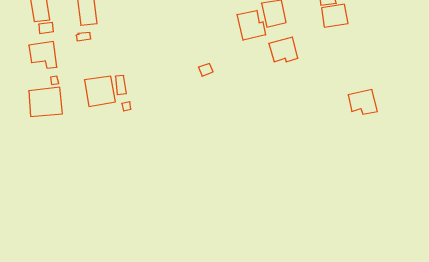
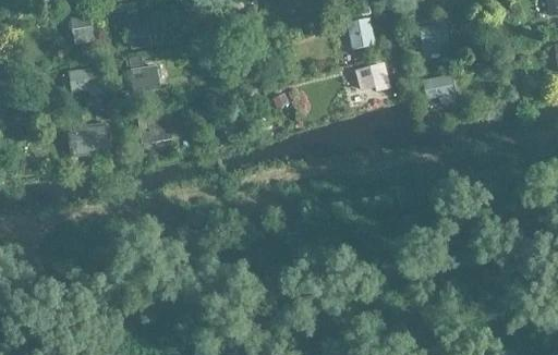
building: [237,10,265,40] -> none
building: none -> [131,65,160,93]
building: [348,90,377,114] -> [423,74,458,103]

